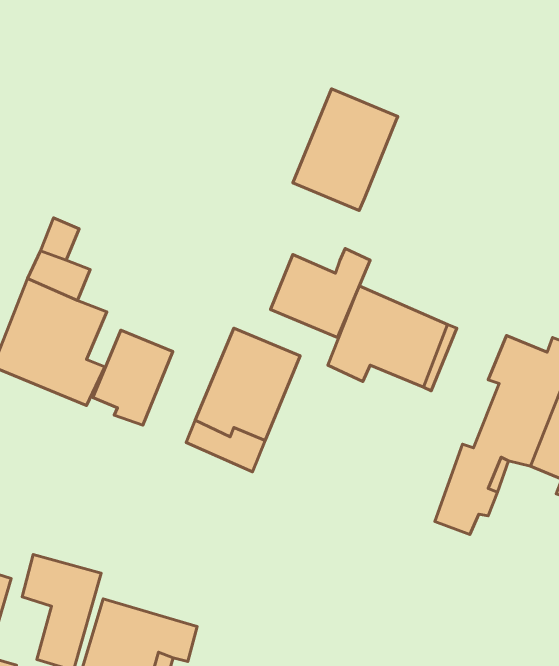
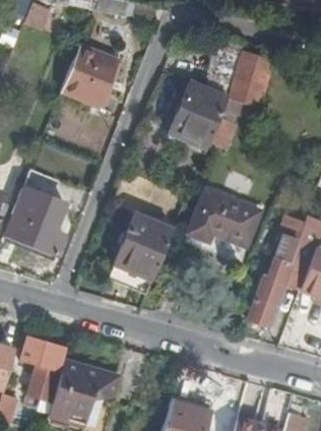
building: none -> [61,44,118,106]
building: none -> [226,50,271,107]
building: [270,249,370,337] -> none
building: [93,330,173,425] -> none

